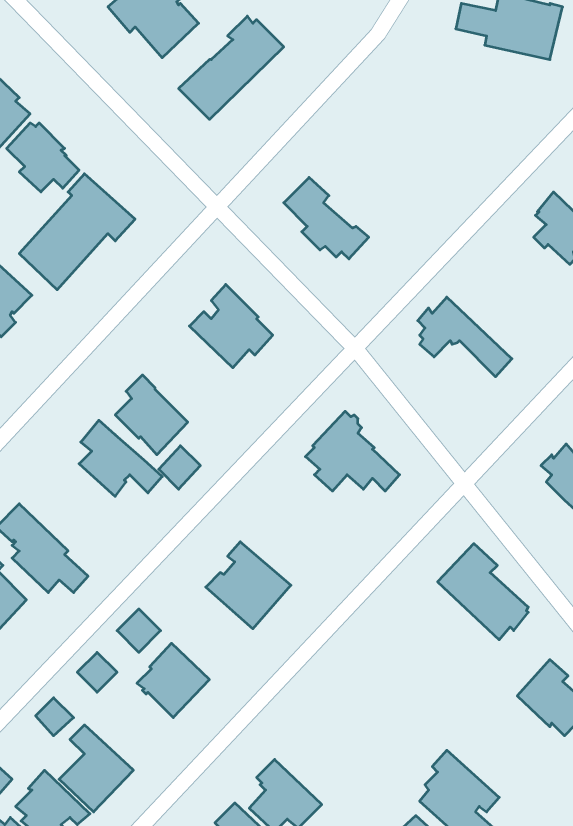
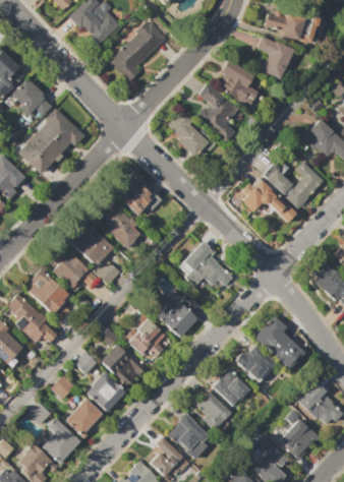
building: none -> [253,37,299,80]
building: none -> [222,60,259,107]
building: none -> [197,84,239,142]
building: none -> [263,159,323,208]
building: none -> [98,199,141,249]
building: none -> [30,269,70,313]
building: none -> [159,296,203,338]
building: none -> [100,328,148,387]
building: none -> [236,346,273,381]
building: none -> [213,368,250,406]
building: none -> [195,393,232,431]
building: none -> [64,399,105,439]
building: none -> [280,409,323,459]
building: none -> [168,414,211,458]

